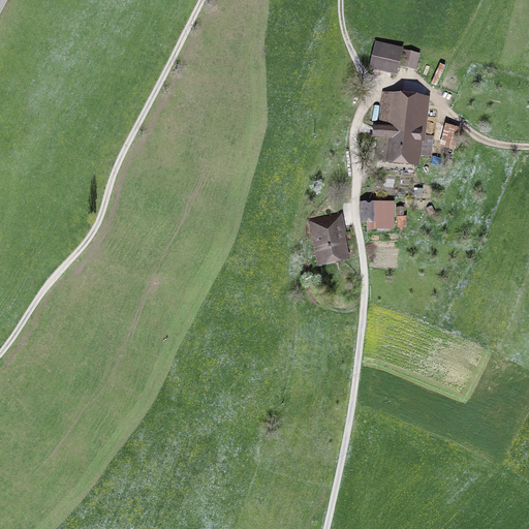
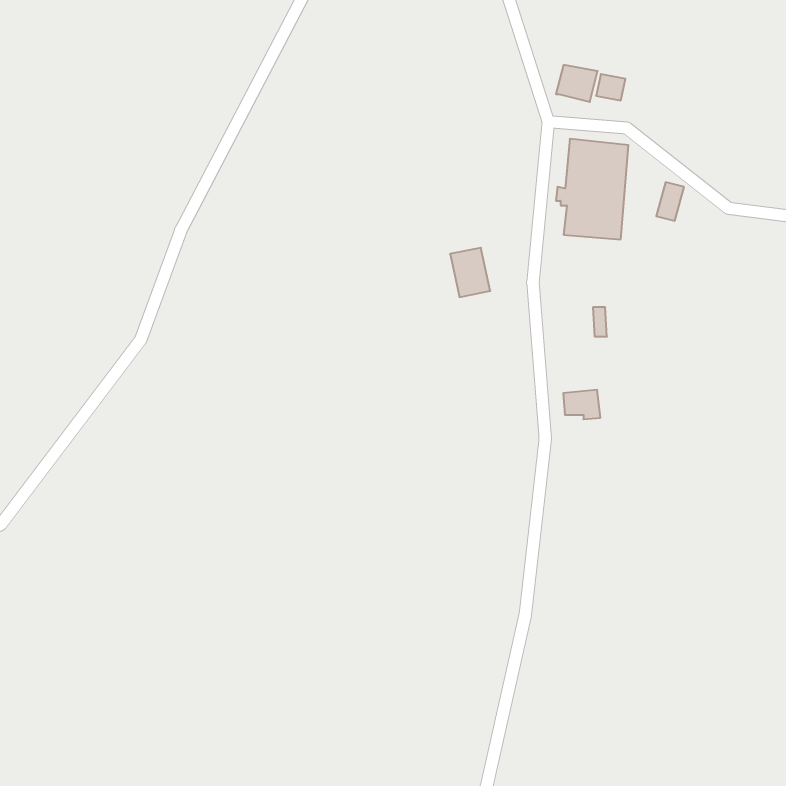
building: [366,200,391,220] -> [563,390,600,419]
building: [318,225,345,258] -> [450,248,490,297]

